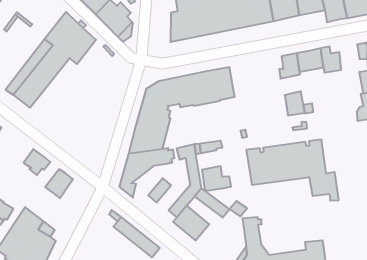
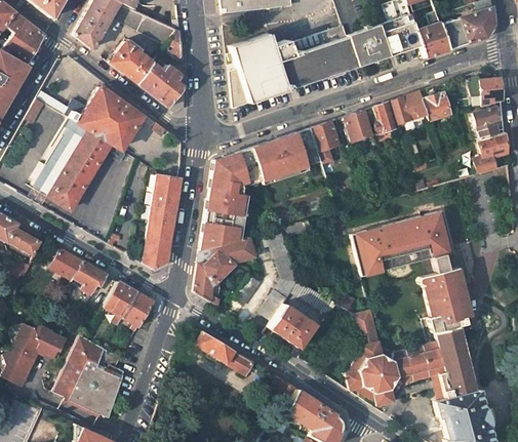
building: none -> [312,122,340,153]
building: none -> [145,176,181,271]
building: [285,91,305,115] -> [345,111,372,143]
building: none -> [51,249,83,280]
building: [202,166,231,191] -> none
building: none -> [123,292,153,327]
building: none -> [416,270,467,334]

